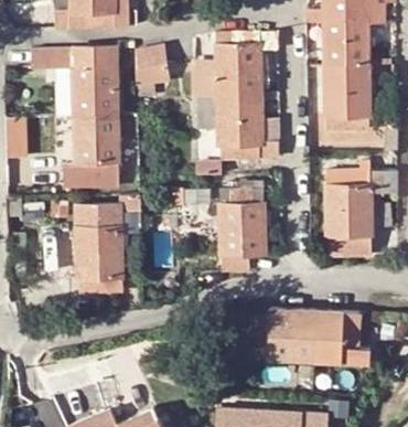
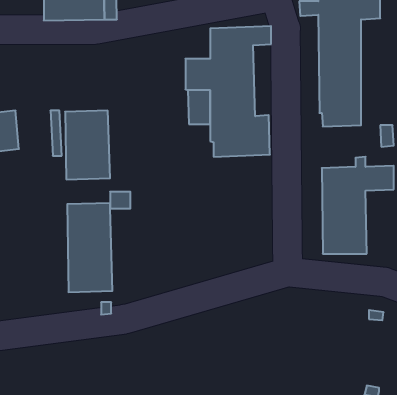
building: [135,45,167,85] -> none
building: [31,46,117,116] -> none
building: [219,189,264,271] -> none
building: [269,309,371,363] -> none

